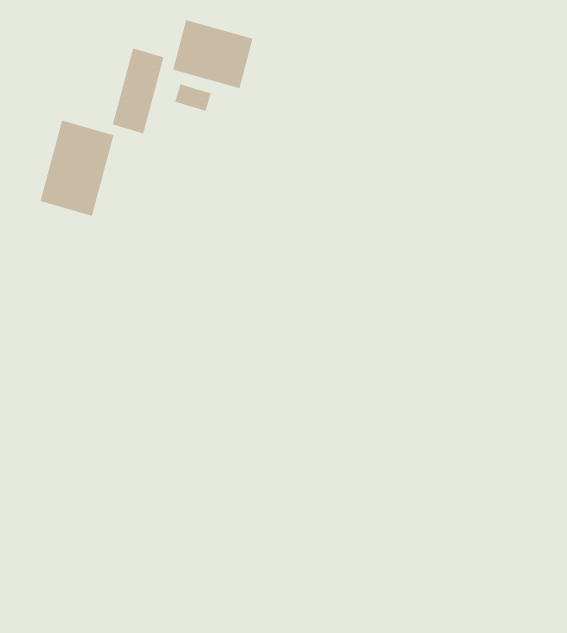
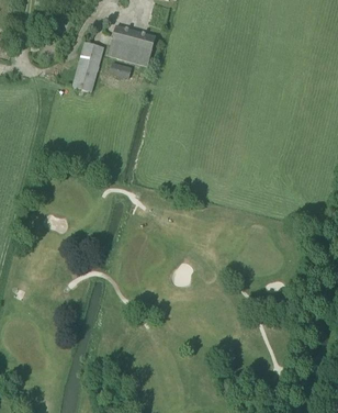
building: [39,119,115,217] -> none

